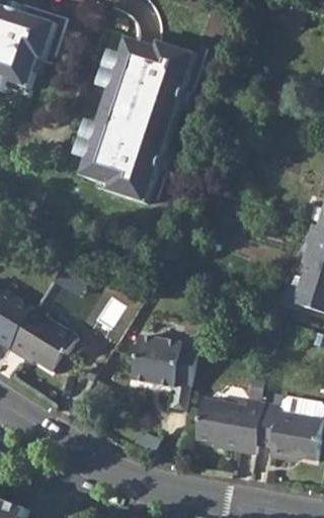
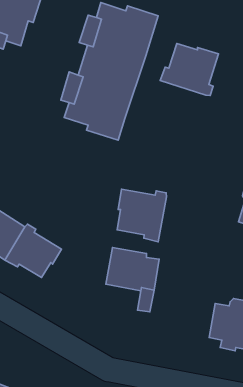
building: none -> [160,43,218,96]
building: none -> [117,189,166,242]
building: [196,398,265,453] -> none

